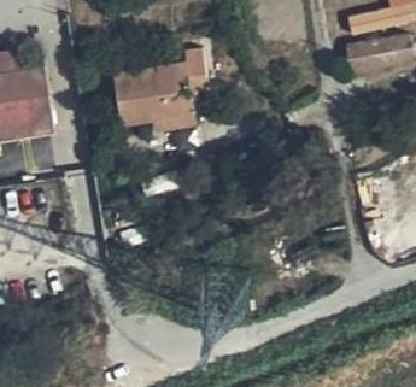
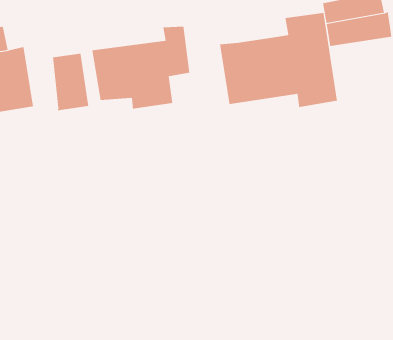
building: none -> [220,12,337,108]
building: none -> [53,53,89,111]

